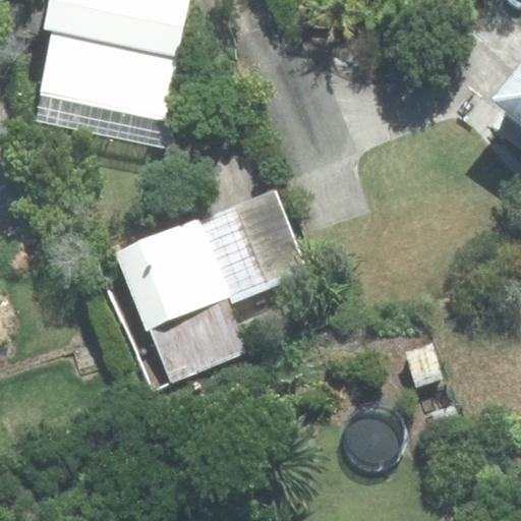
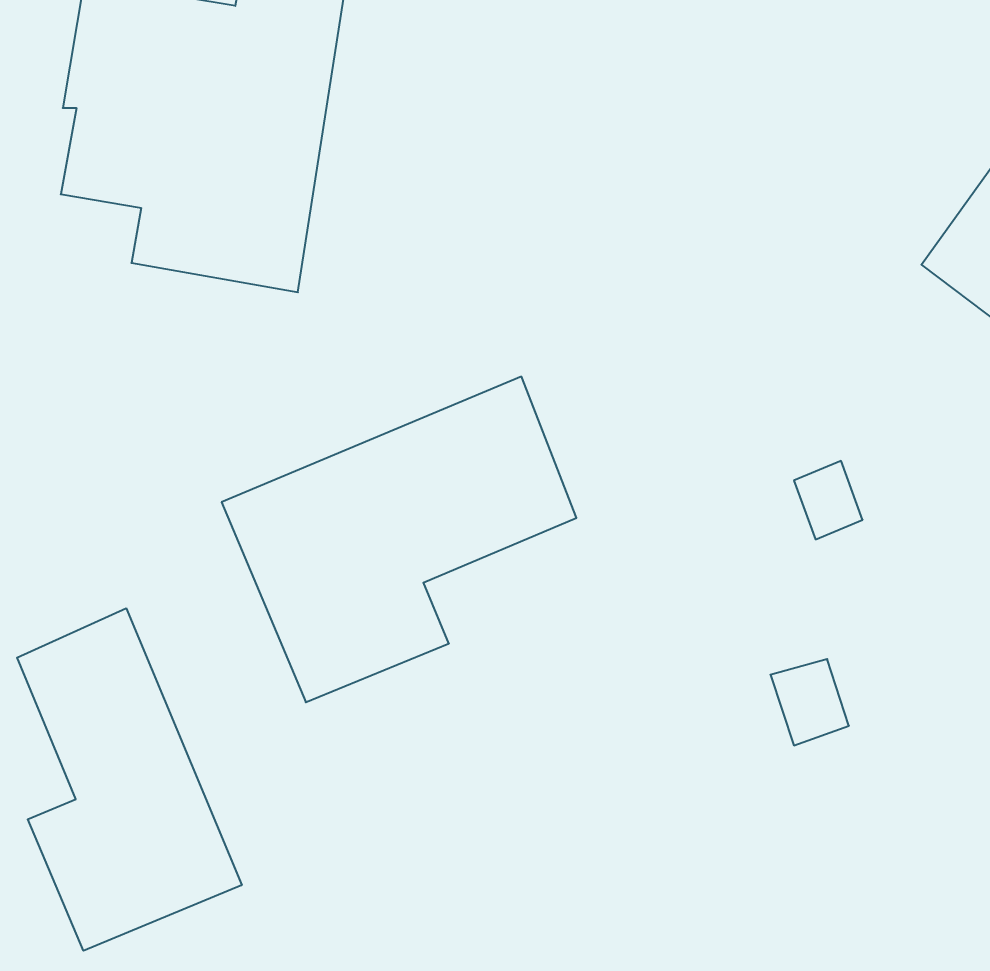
building: none -> [17,608,242,951]

